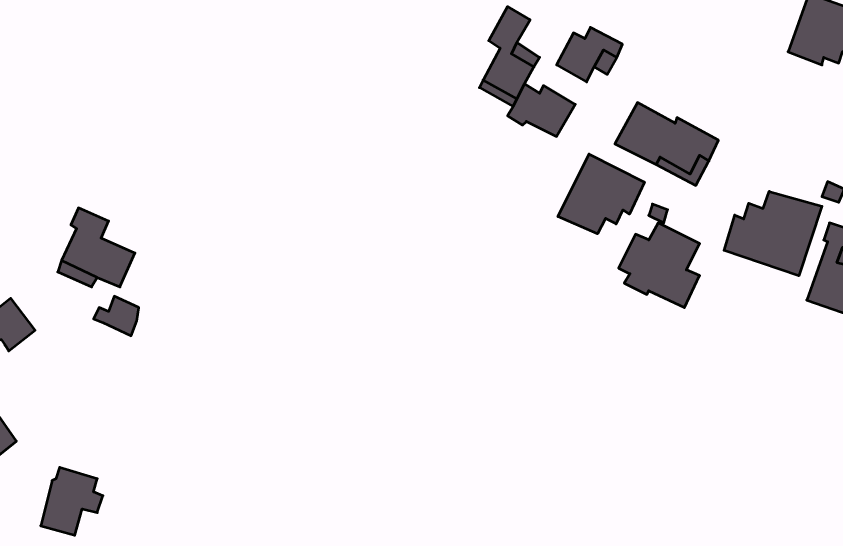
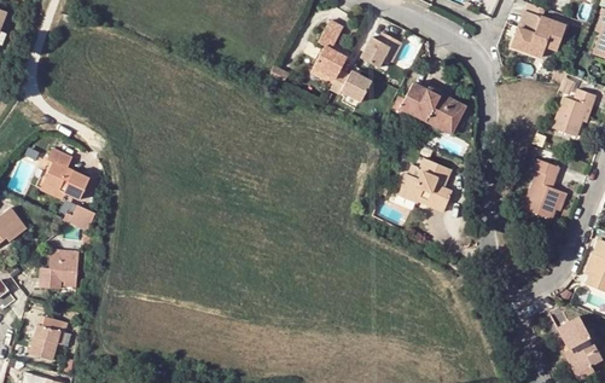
building: [558,154,644,234] -> none
building: [724,191,822,276] -> none
building: none -> [40,249,78,288]

